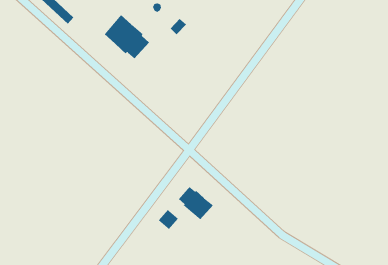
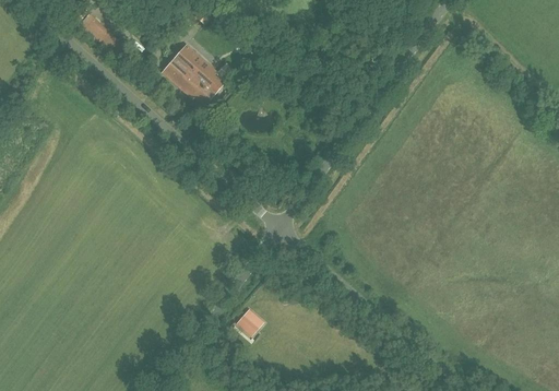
building: [178,186,214,220] -> none

